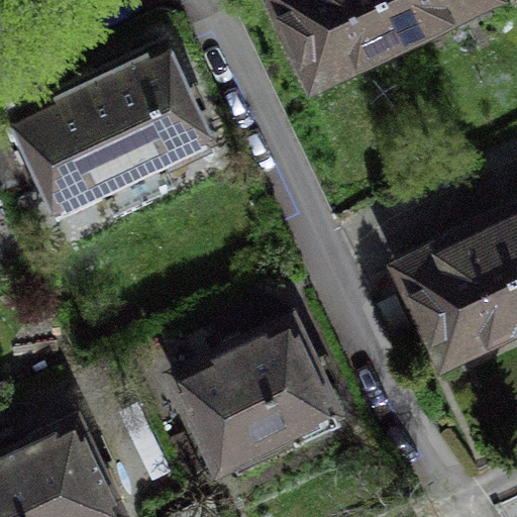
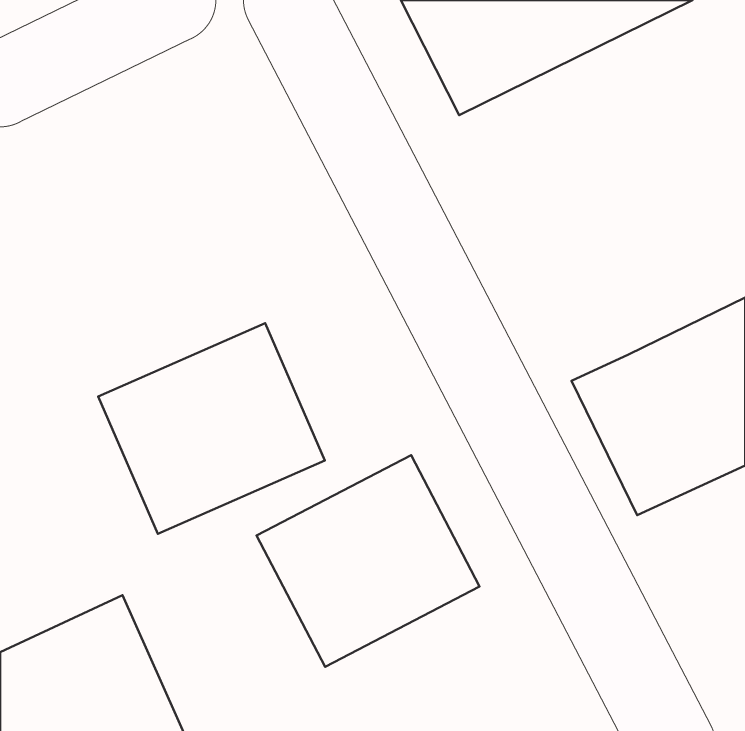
building: [16,55,205,217] -> none
building: none -> [98,323,325,534]

